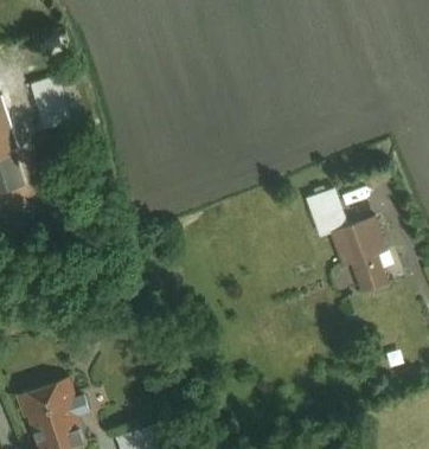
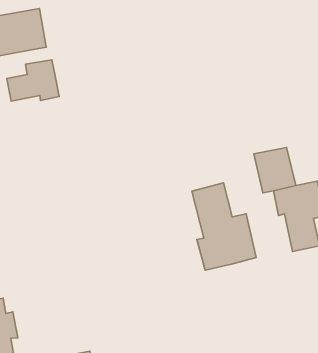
building: none -> [7,60,59,101]
building: none -> [192,183,256,270]

